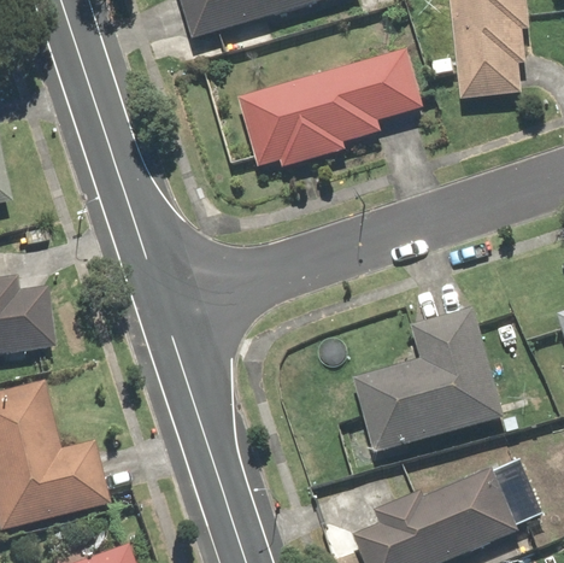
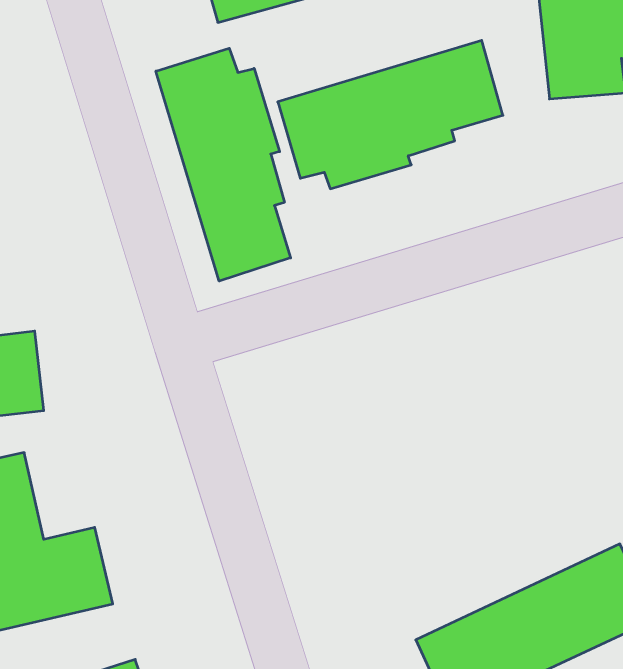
building: none -> [156,48,291,281]
building: [351,307,501,448] -> none

